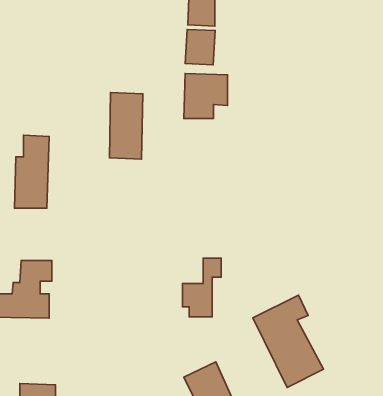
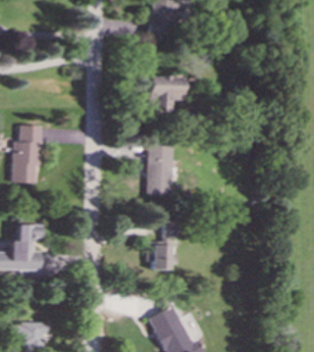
building: [185,29,215,65] -> none
building: [109,93,143,159] -> [147,143,173,196]
building: [253,295,324,387] -> none

